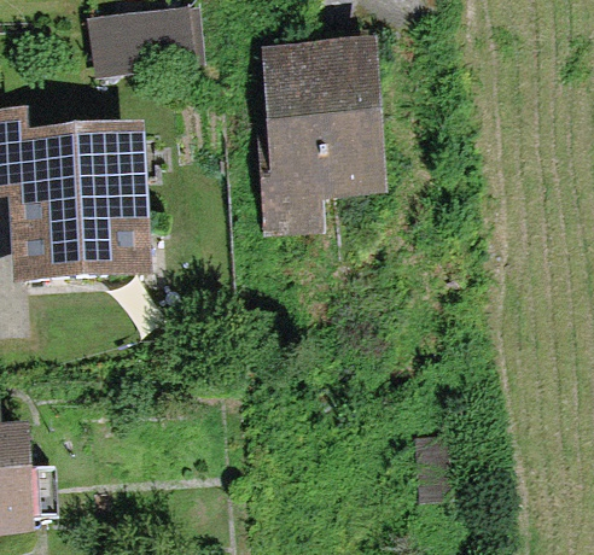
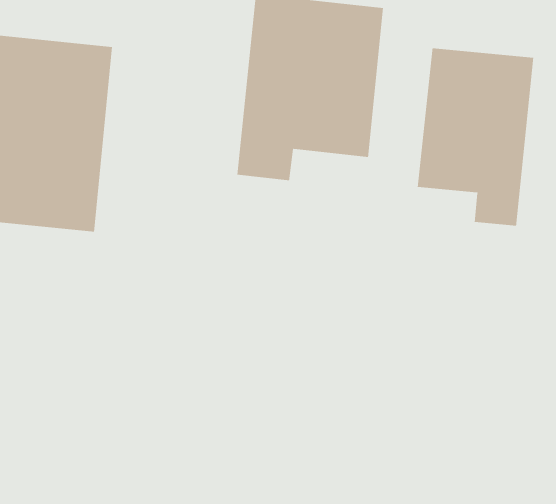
building: none -> [417,48,534,226]

